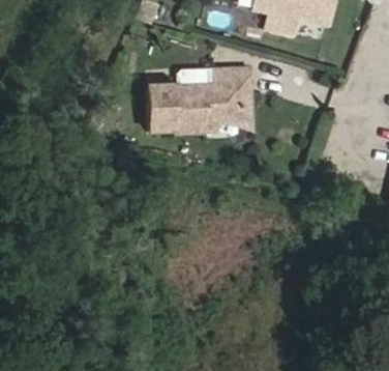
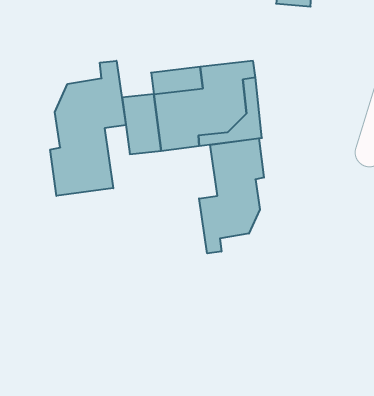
building: none -> [50,61,126,196]
building: none -> [199,138,264,253]

